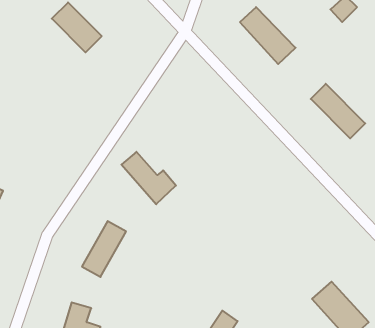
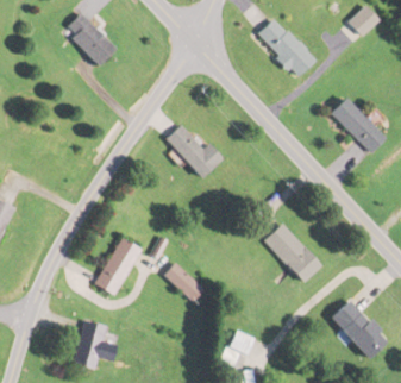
building: [121,152,176,204] -> [167,124,223,177]
building: none -> [264,222,321,281]
building: none -> [165,260,206,301]

